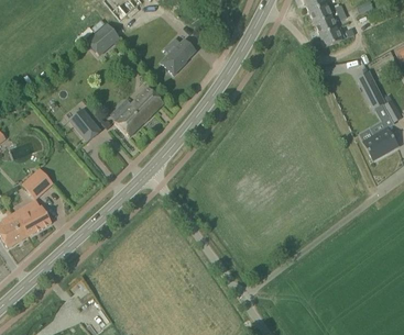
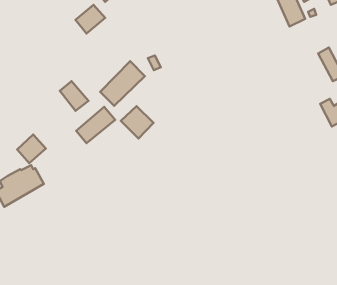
building: [161,38,196,75] -> none
building: none -> [121,106,154,139]
building: none -> [76,107,115,143]

